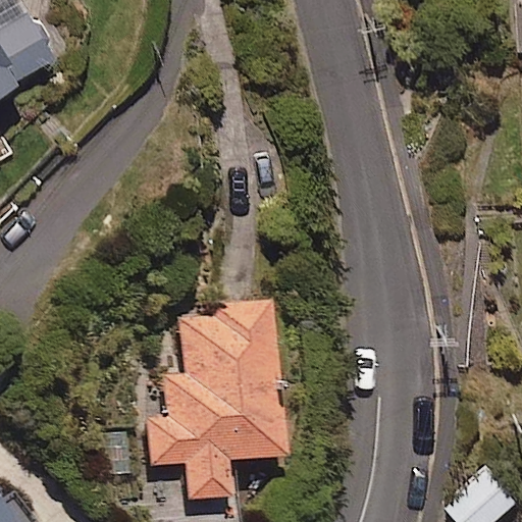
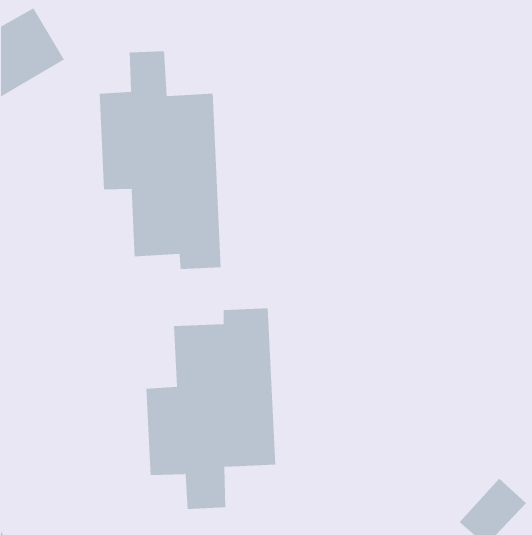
building: none -> [99,51,221,270]

